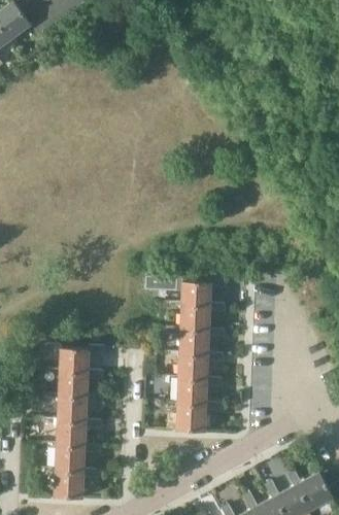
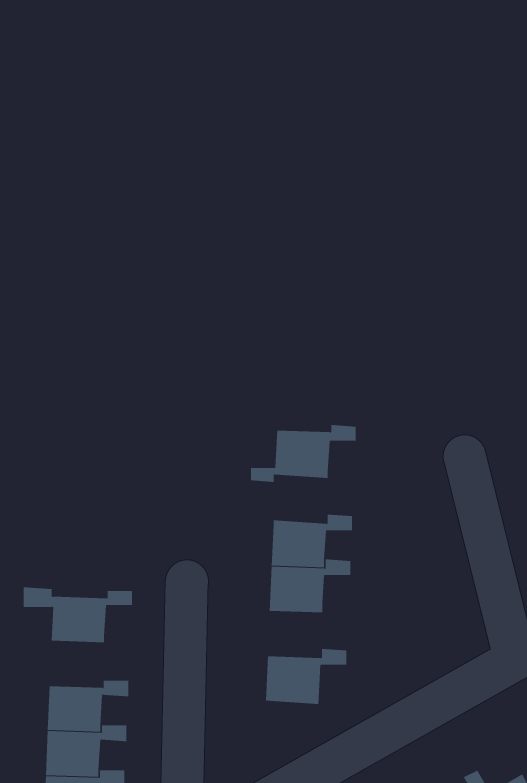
building: [167,304,226,334] -> none
building: [59,345,104,374] -> none
building: [177,377,223,407] -> none
building: [57,394,102,423] -> none

